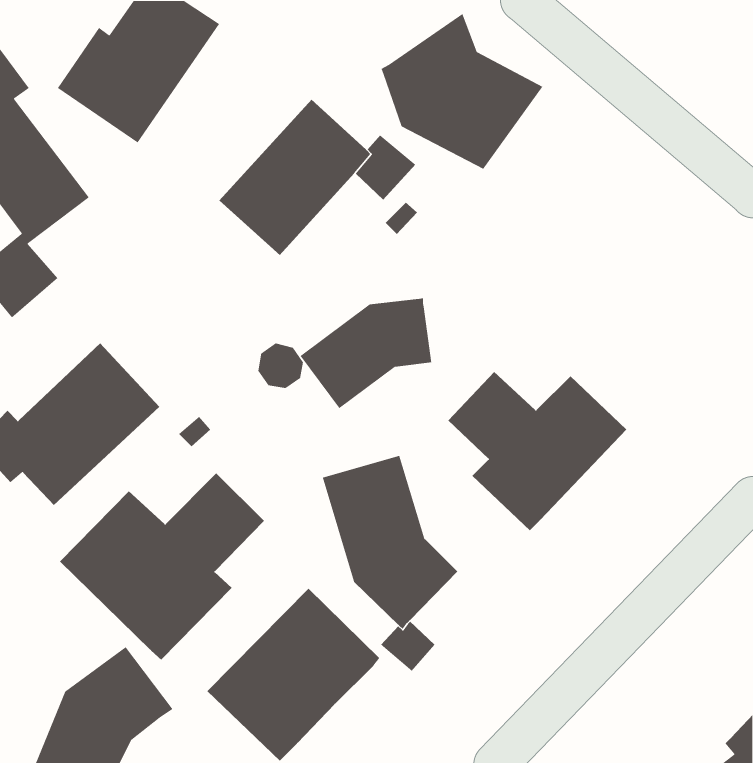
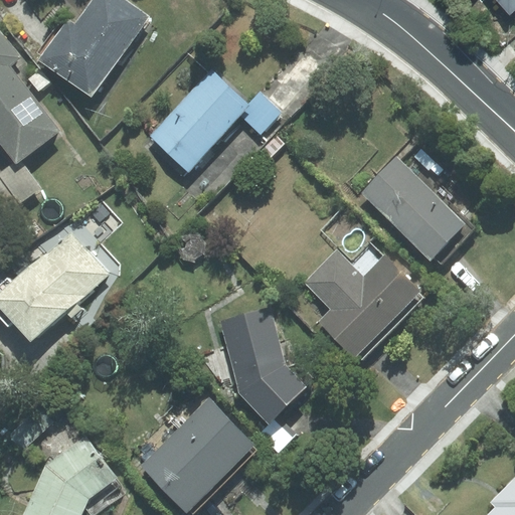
building: [381,13,543,170] -> none
building: none -> [359,157,466,261]
building: [299,297,432,409] -> none
building: [59,473,265,661] -> none

